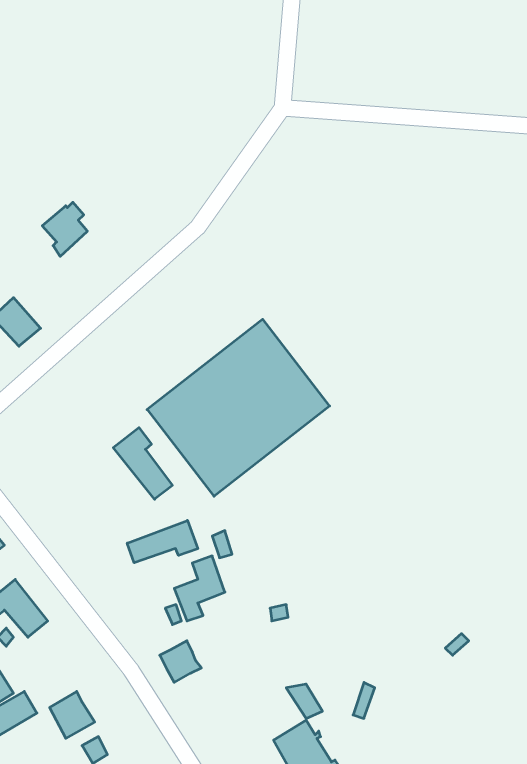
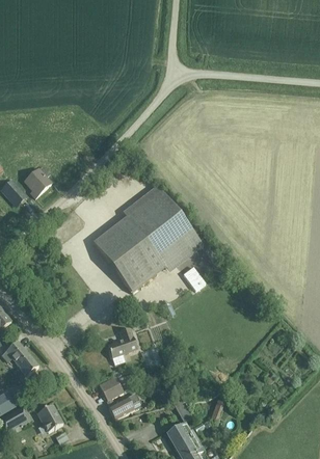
building: [42,202,87,256] -> [24,165,50,196]
building: [113,428,172,499] -> none
building: [127,520,198,563] -> none
building: none -> [107,392,141,418]

